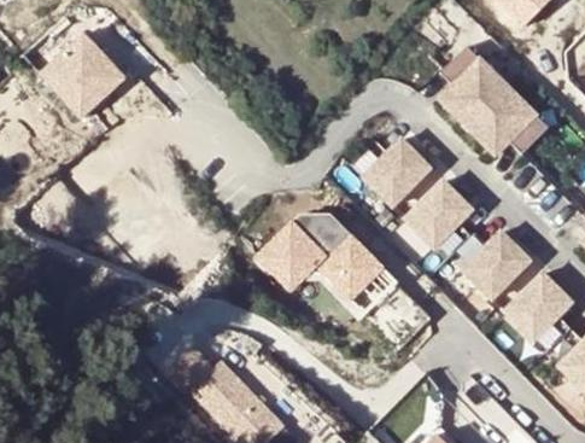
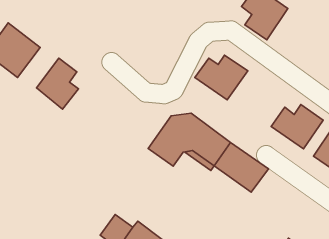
building: [464,86,544,156] -> none
building: none -> [36,58,79,109]
building: [404,180,470,260] -> none

